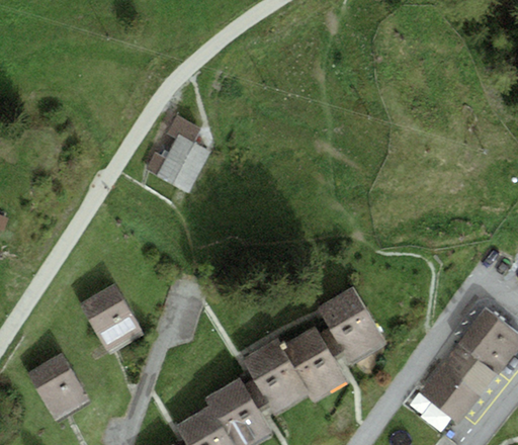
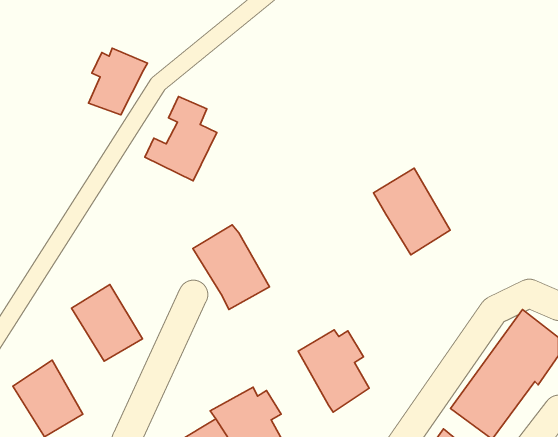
building: none -> [88,48,147,115]
building: [316,285,384,363] -> [374,168,450,255]
building: [241,338,310,414] -> [193,225,269,309]

